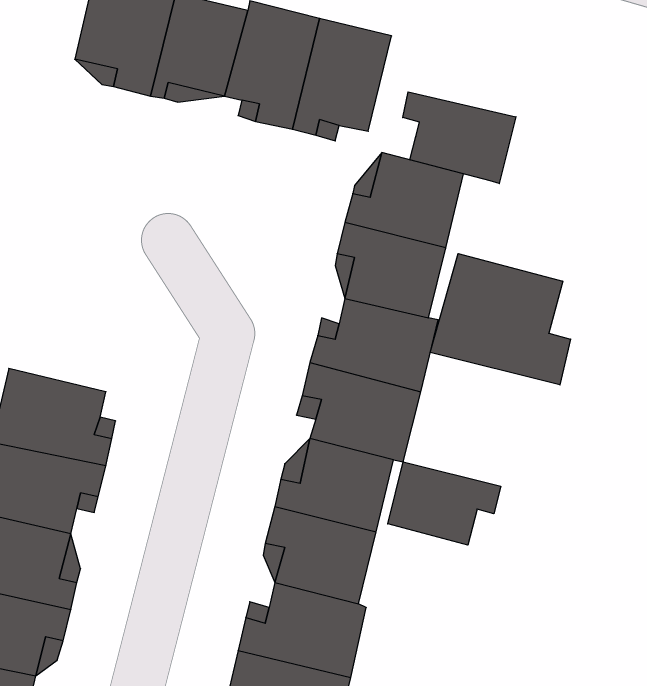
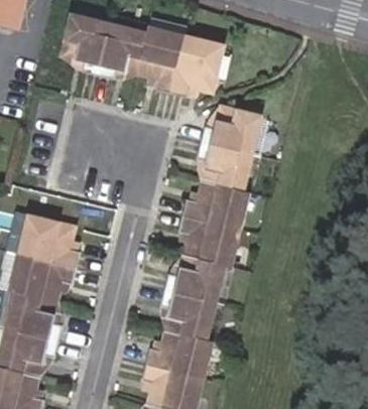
building: [403,92,516,184] -> none
building: [430,254,571,385] -> none
building: [388,462,501,545] -> none

